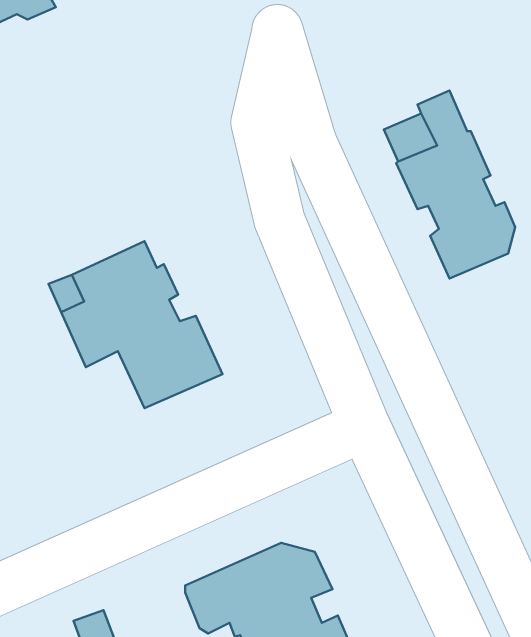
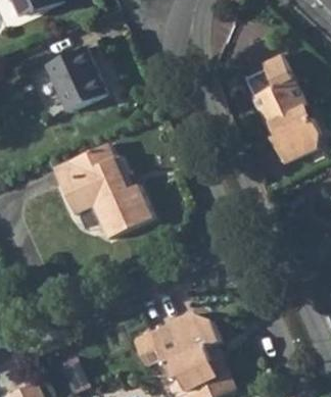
building: none -> [44,47,104,110]

